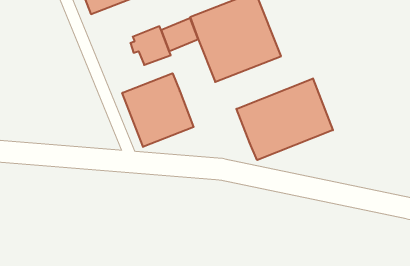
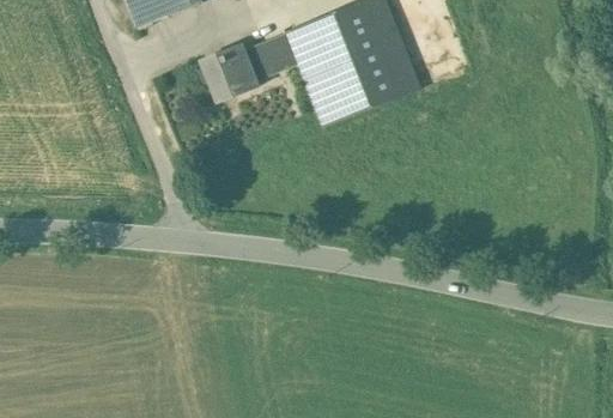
building: [122,73,194,147] -> none
building: [236,78,333,160] -> none

